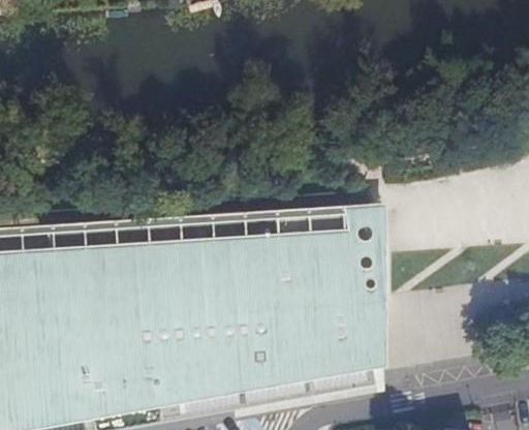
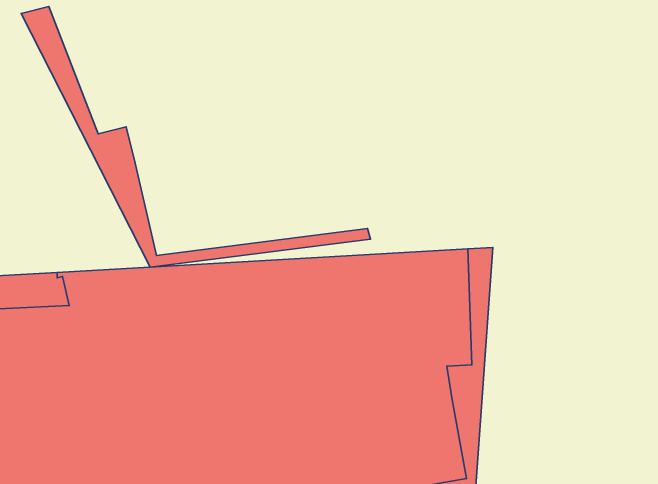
building: none -> [21,7,370,267]

